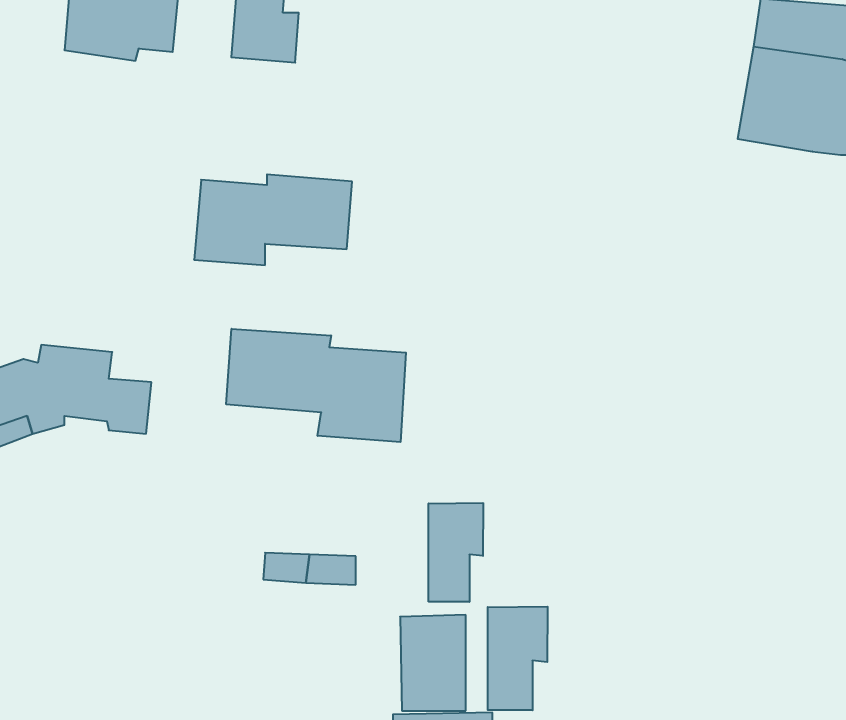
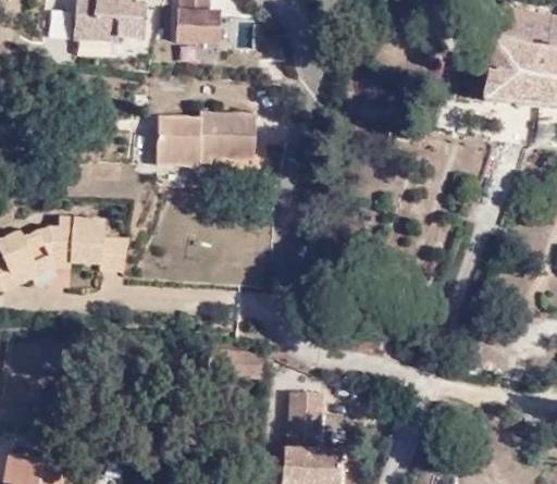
building: [226,329,406,442] -> none
building: [429,503,483,602] -> none
building: [488,607,548,710] -> none

